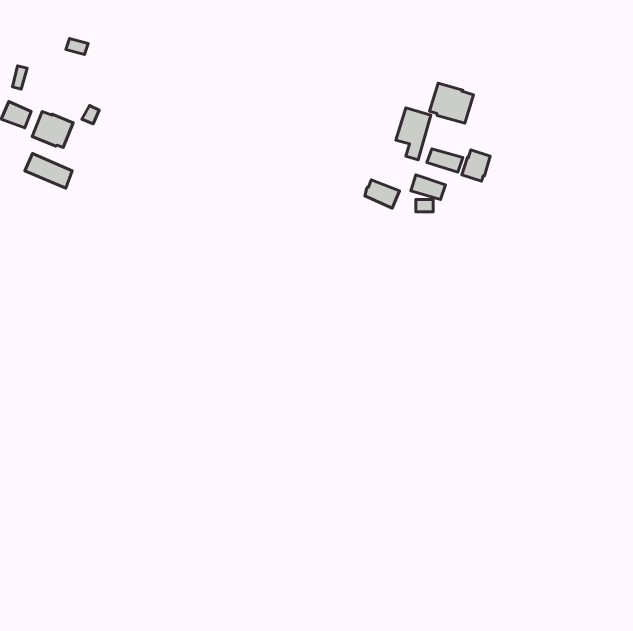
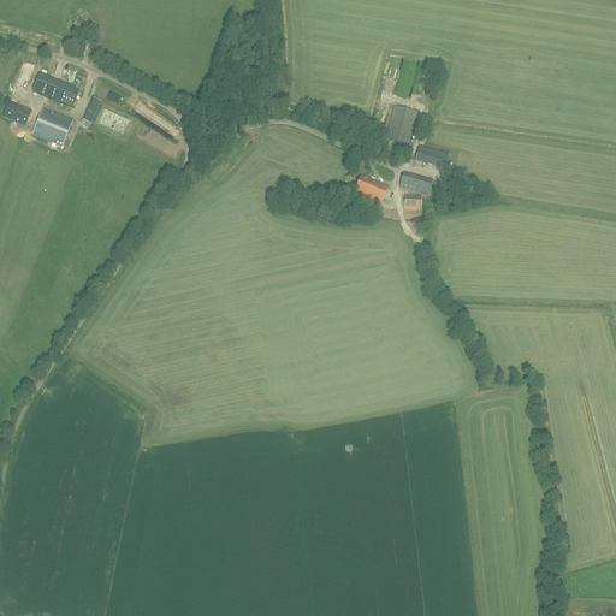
building: [430,83,473,123] -> none
building: [462,150,490,181] -> none
building: [25,153,72,188] -> [31,72,77,106]

